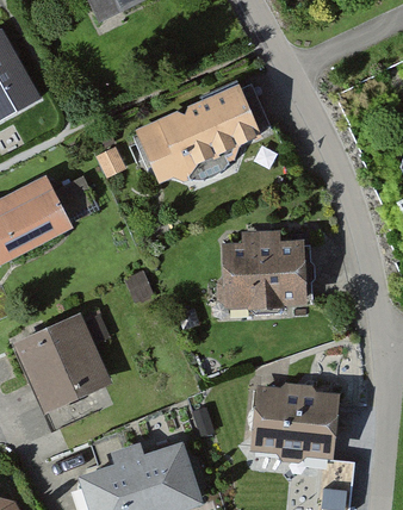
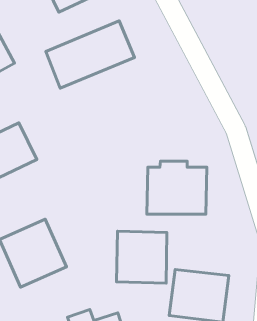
building: [140,89,264,184] -> [46,21,135,88]
building: none -> [117,231,167,283]

